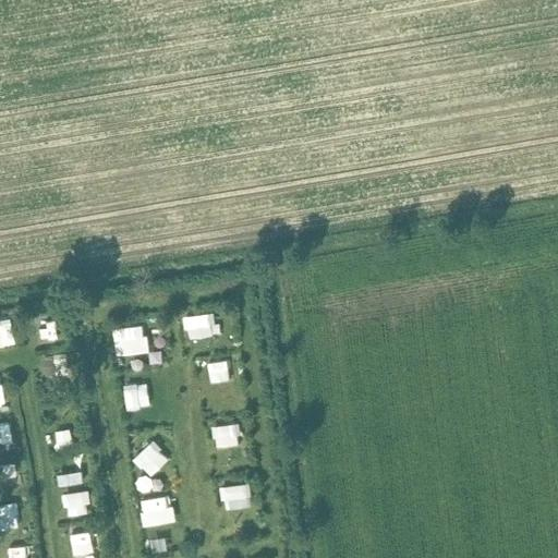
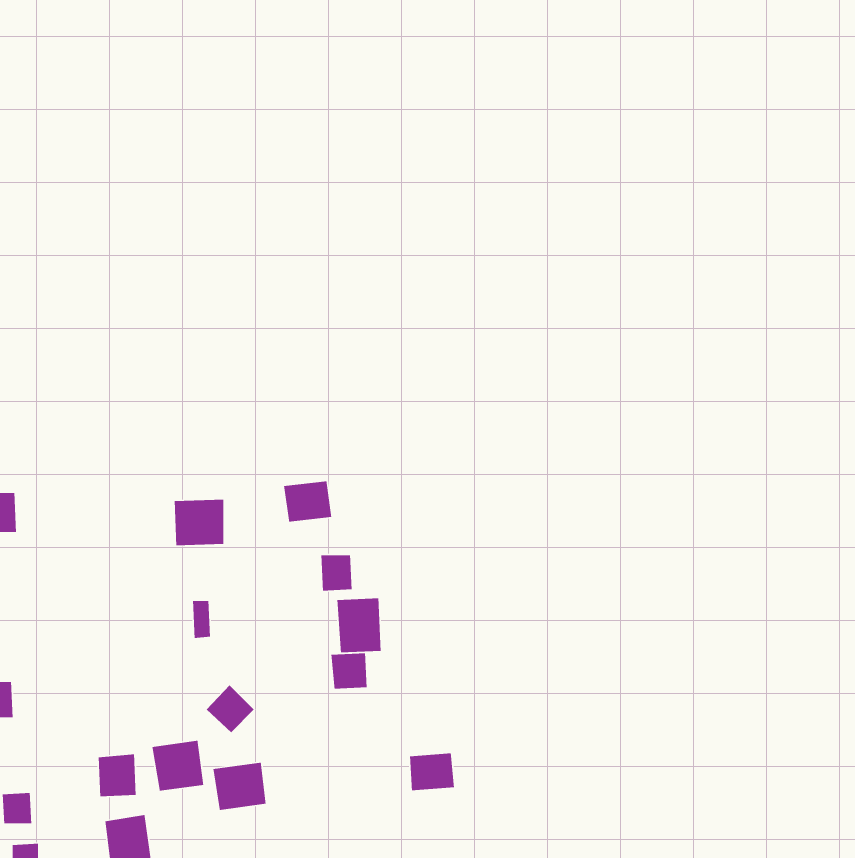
building: none -> [336,598,382,653]
building: none -> [152,740,204,792]
building: [220,484,250,509] -> [409,752,455,791]

